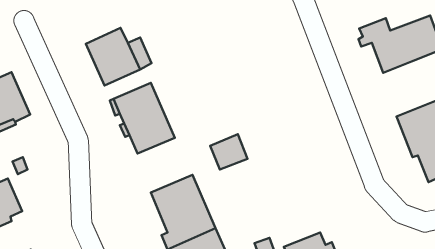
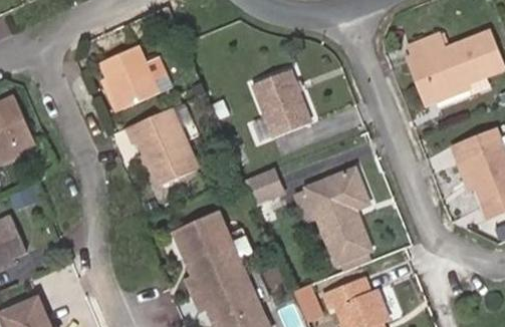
building: none -> [411,62,471,107]
building: none -> [251,69,311,138]
building: none -> [305,168,371,265]

